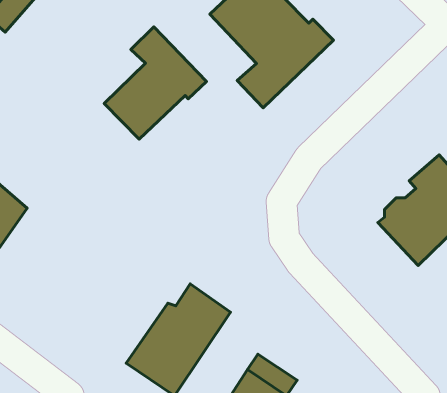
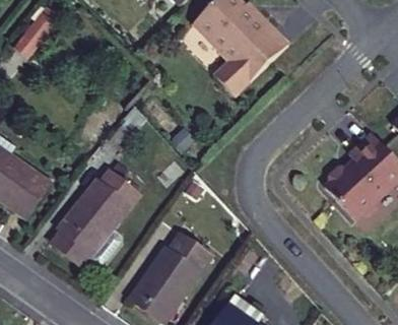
building: [104,27,206,139] -> none
building: none -> [50,164,136,268]

